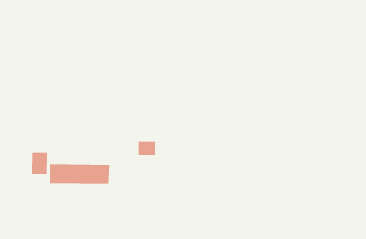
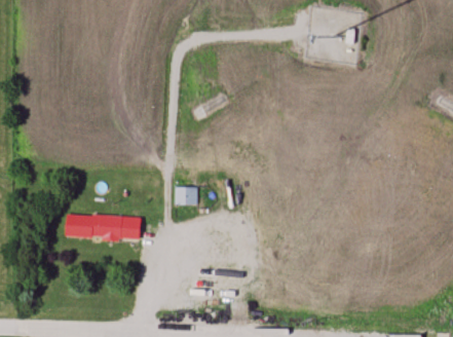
building: [32,152,48,175] -> none

